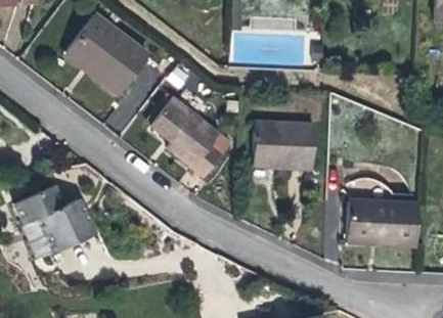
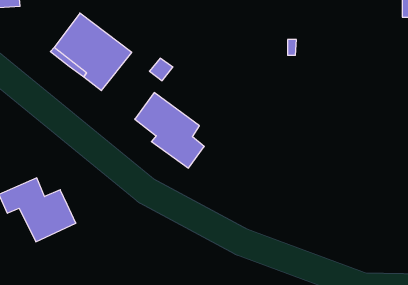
building: [252,124,313,170] -> none
building: [353,201,422,244] -> none

